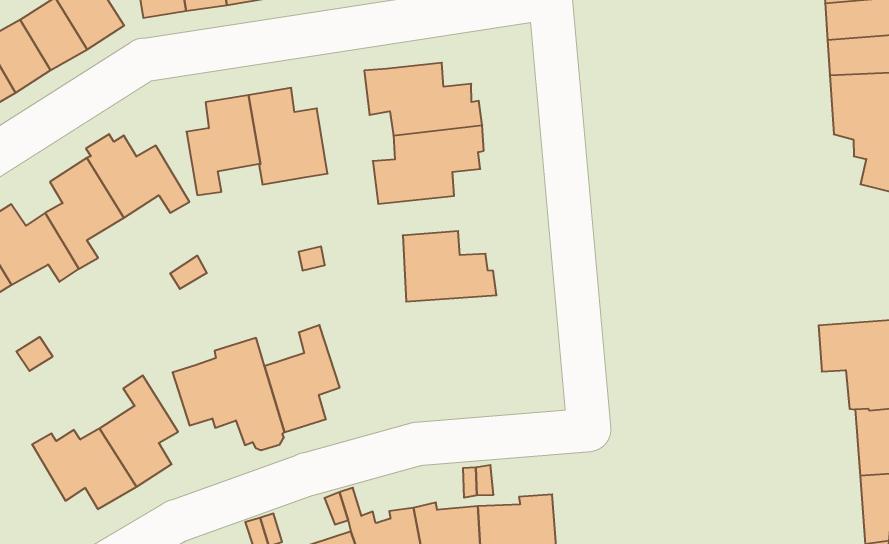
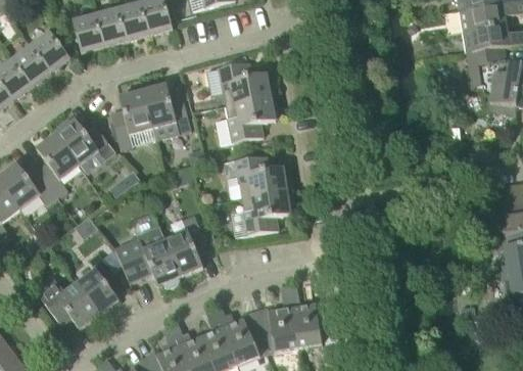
building: none -> [241,189,293,235]

